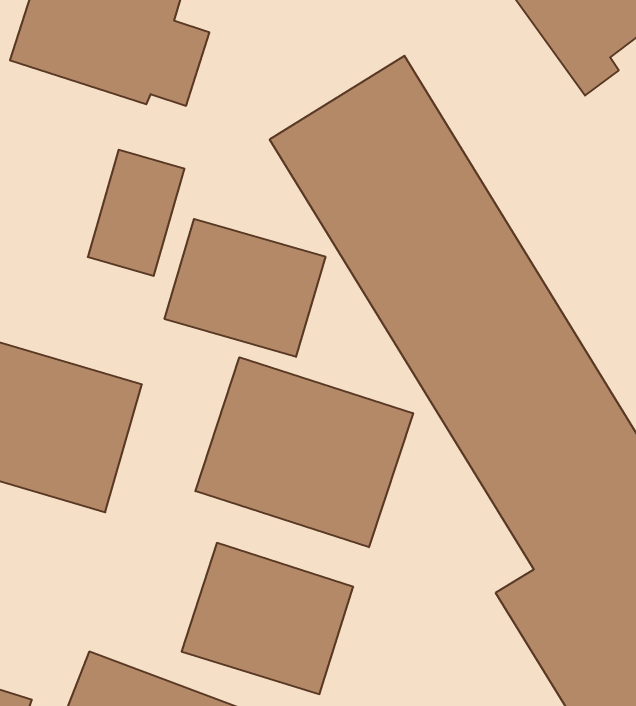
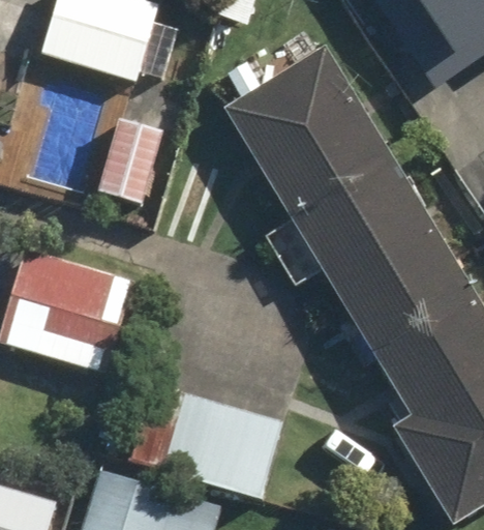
building: [165,219,325,357] -> none
building: [195,357,413,547] -> none

